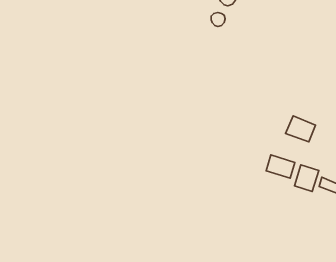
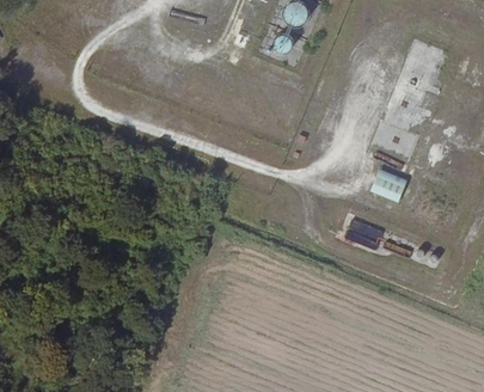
building: [294,165,319,192] -> none

